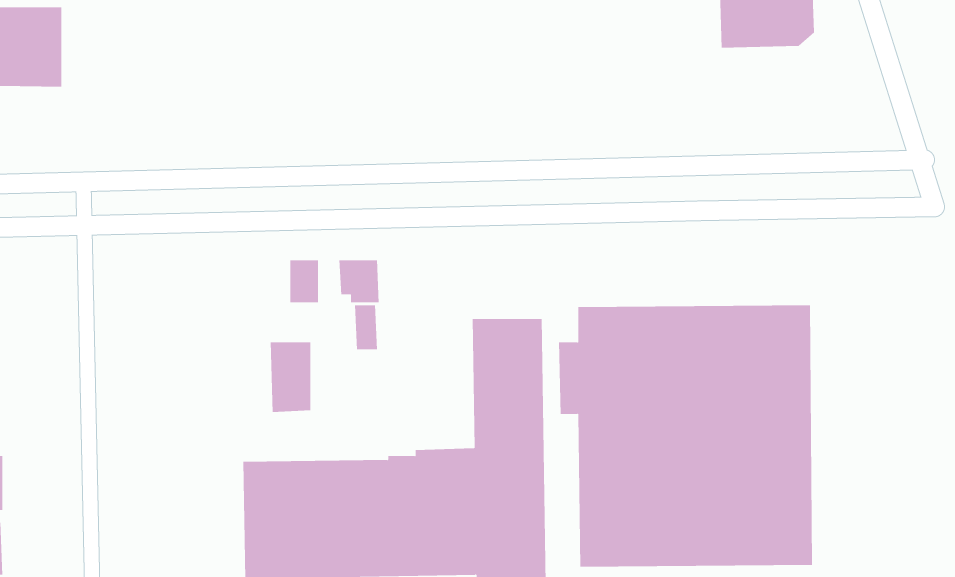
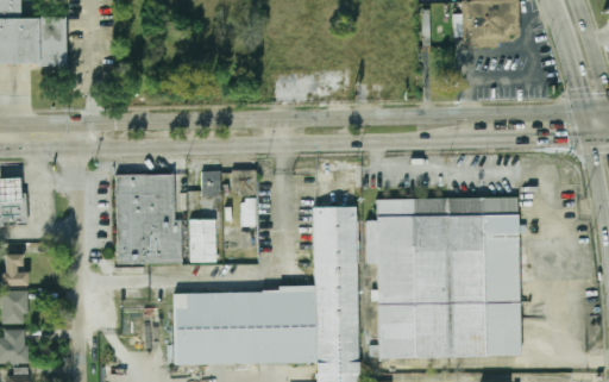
building: none -> [117,174,188,264]

